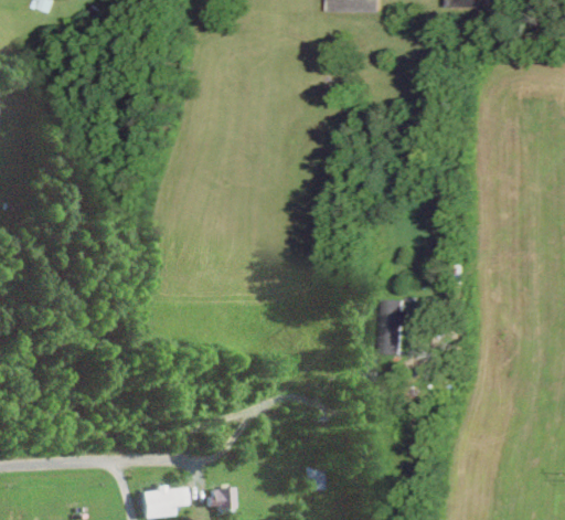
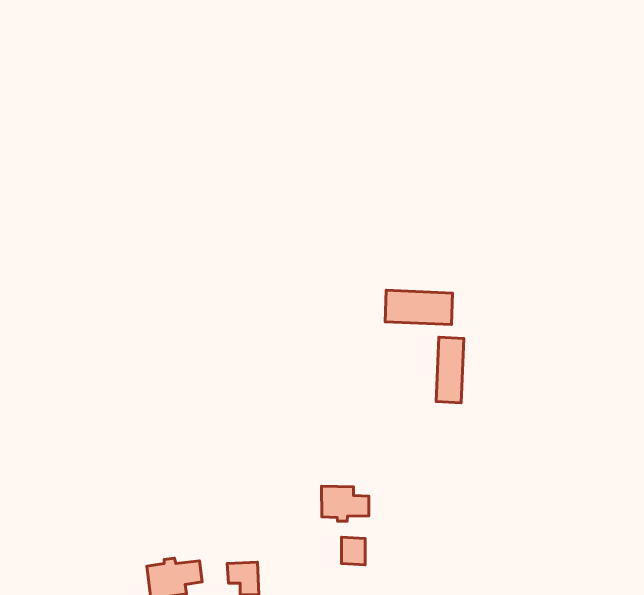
building: none -> [385,290,452,325]
building: none -> [322,486,369,521]

